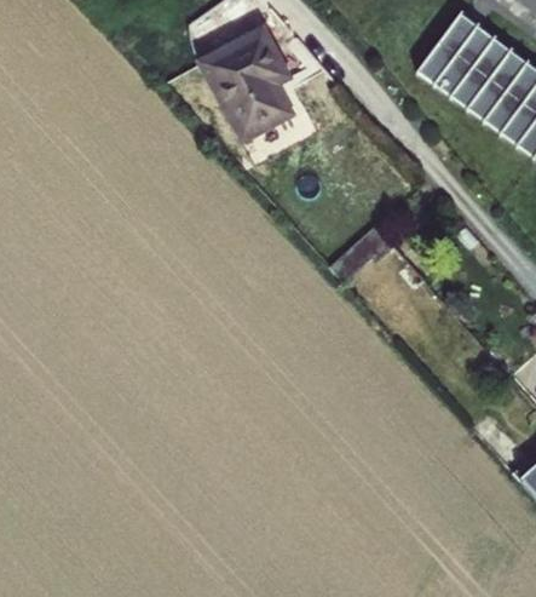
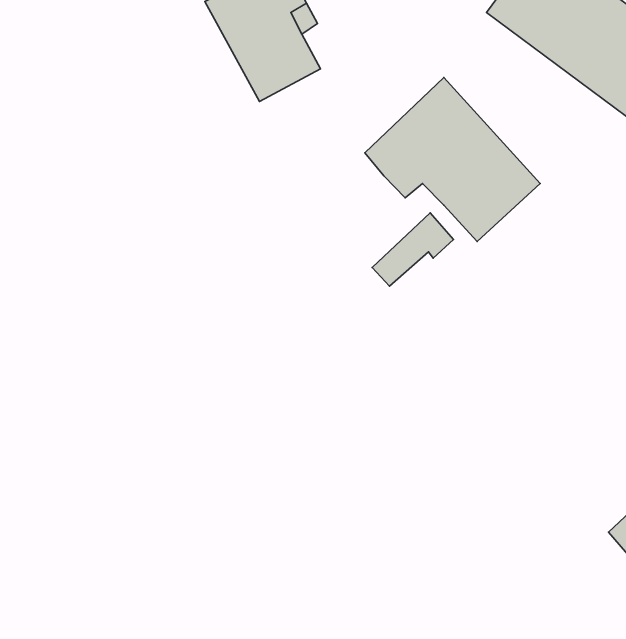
building: none -> [365,78,540,242]

